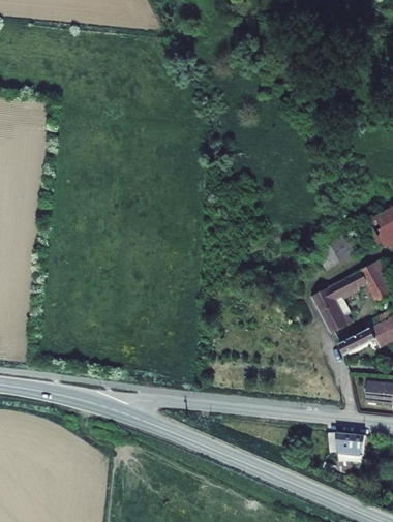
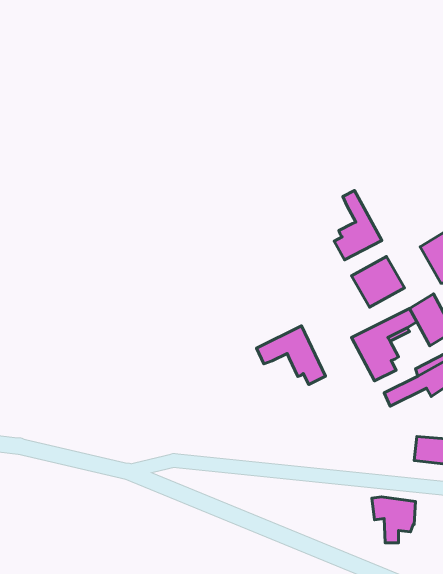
building: none -> [334,191,382,260]
building: none -> [257,326,326,385]

